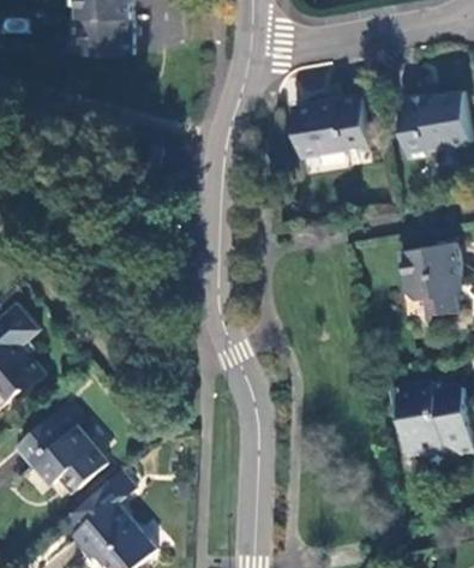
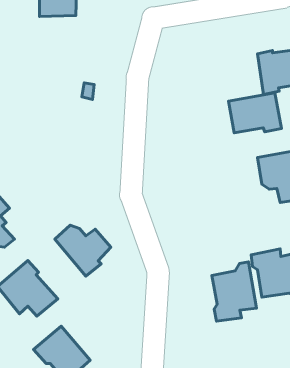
building: [289,101,366,159] -> [228,93,282,133]
building: none -> [55,225,111,276]
building: none -> [212,262,257,321]

